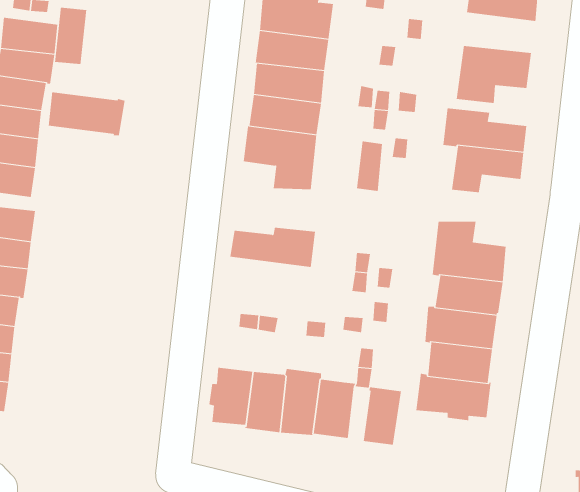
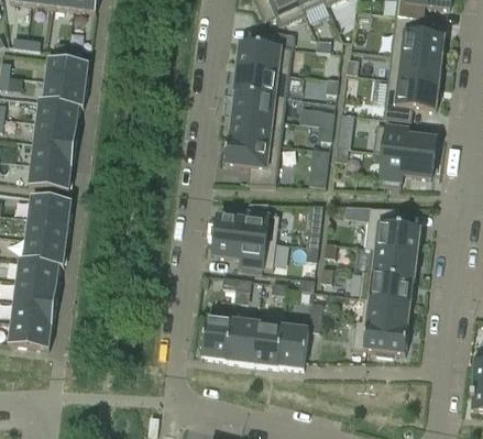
building: [54,7,87,65] -> none
building: none -> [387,53,441,83]
building: [48,91,125,136] -> none
building: none -> [212,233,275,267]
building: [363,387,401,445] -> none

